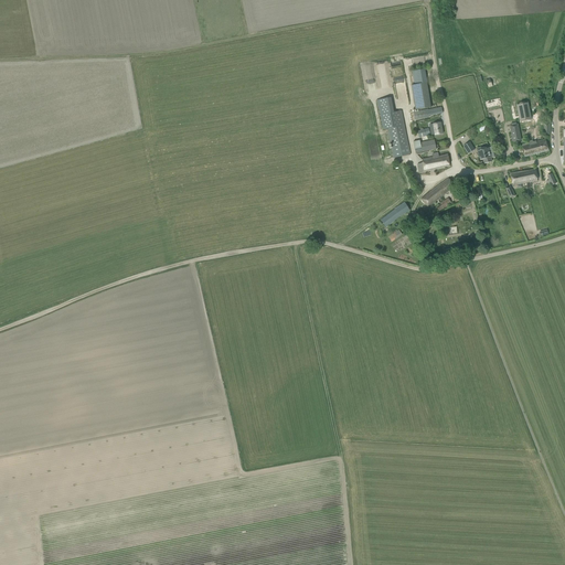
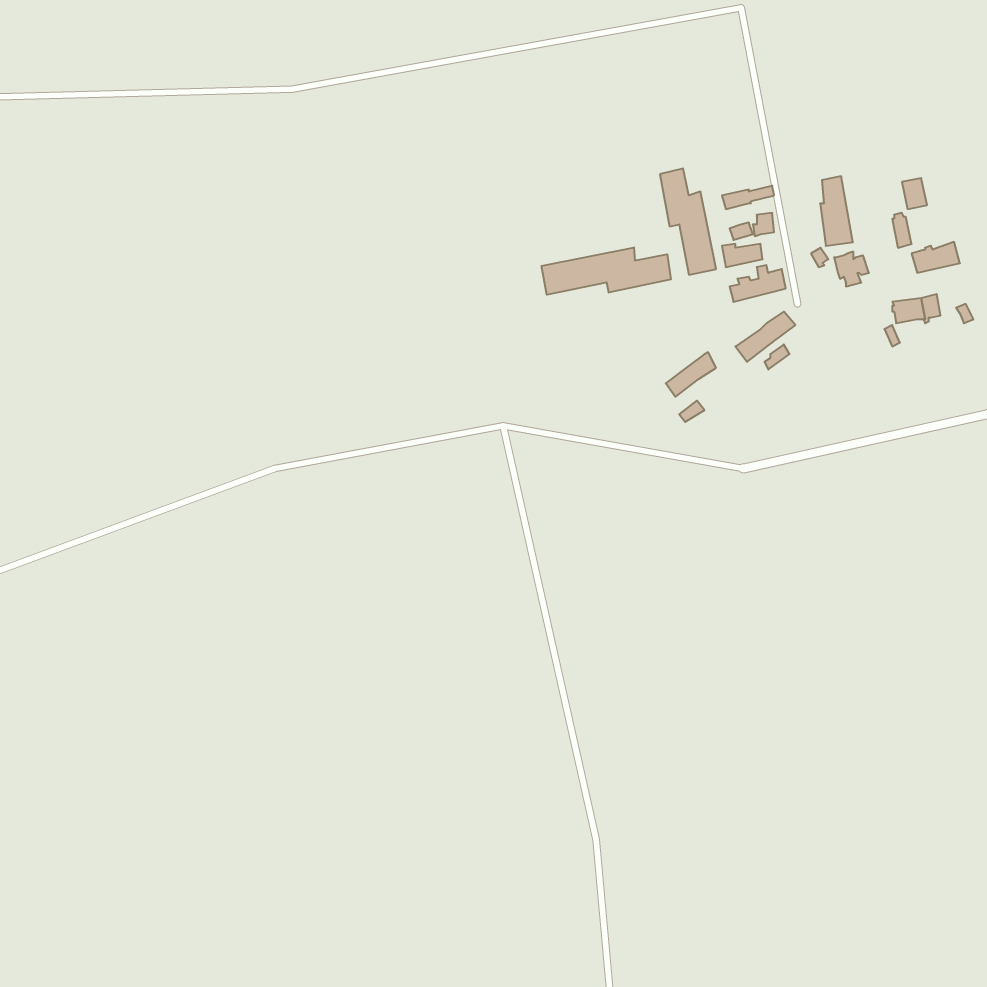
building: [411,68,429,108] -> [820,176,853,246]
building: none -> [542,247,671,295]

